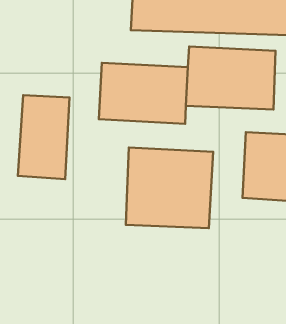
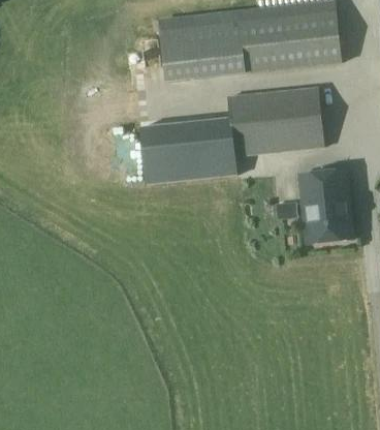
building: [18,95,69,179] -> none
building: [126,148,213,228] -> none

